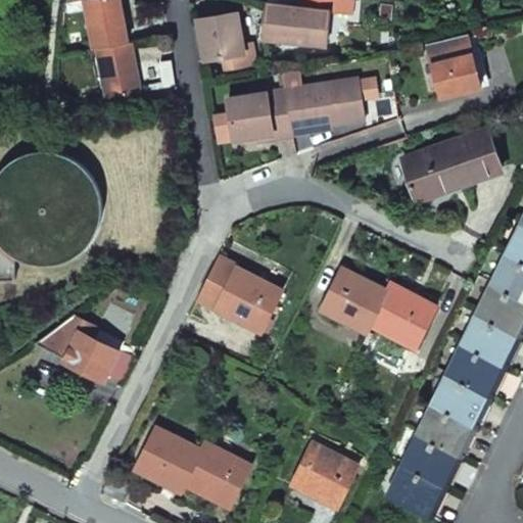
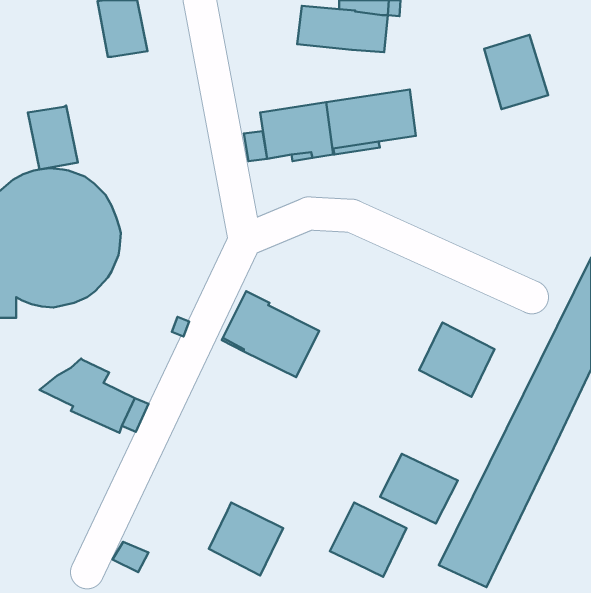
building: [196,13,243,62] -> none
building: [98,44,142,100] -> [28,106,78,169]
building: [400,131,501,198] -> none
building: [319,269,386,333] -> none
building: none -> [380,454,458,524]
building: [134,427,200,491] -> none

